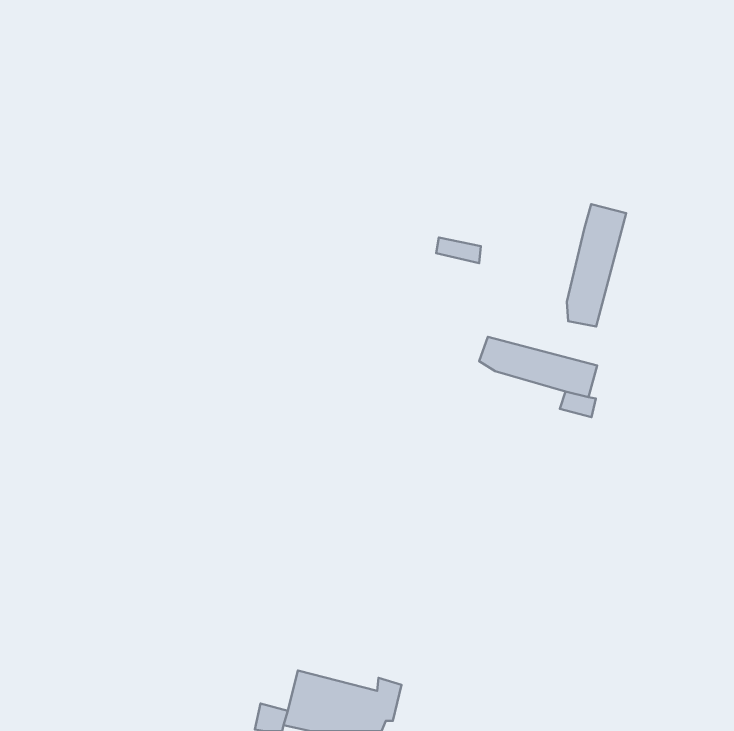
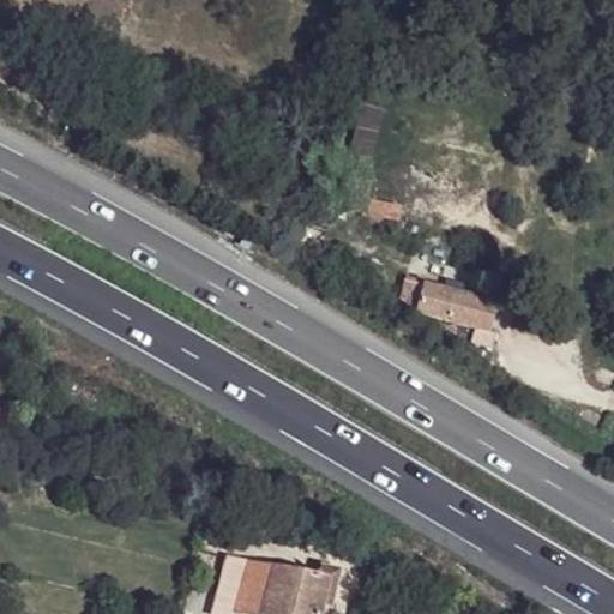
building: [567,204,626,326] -> none

